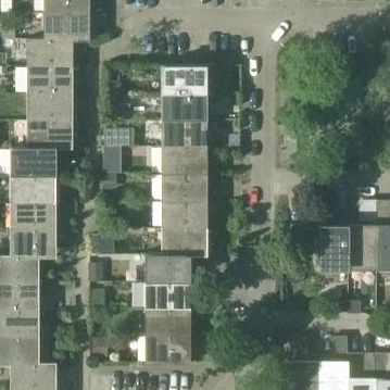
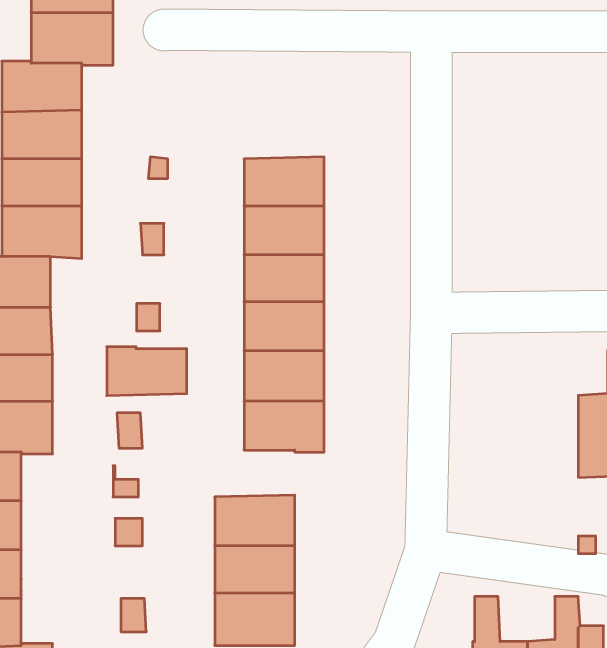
building: [162,66,206,93] -> none
building: [318,200,348,271] -> none
building: [146,254,190,281] -> [107,347,187,396]

